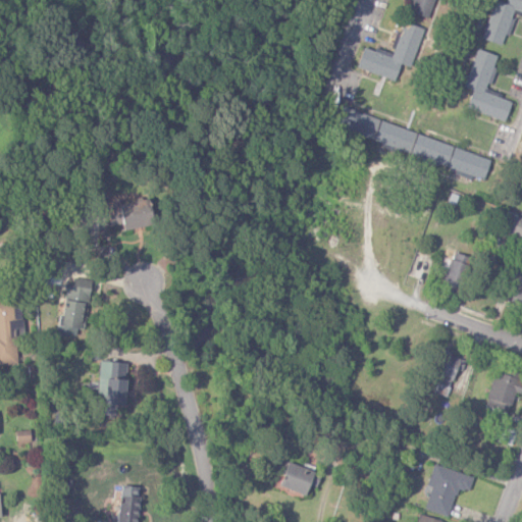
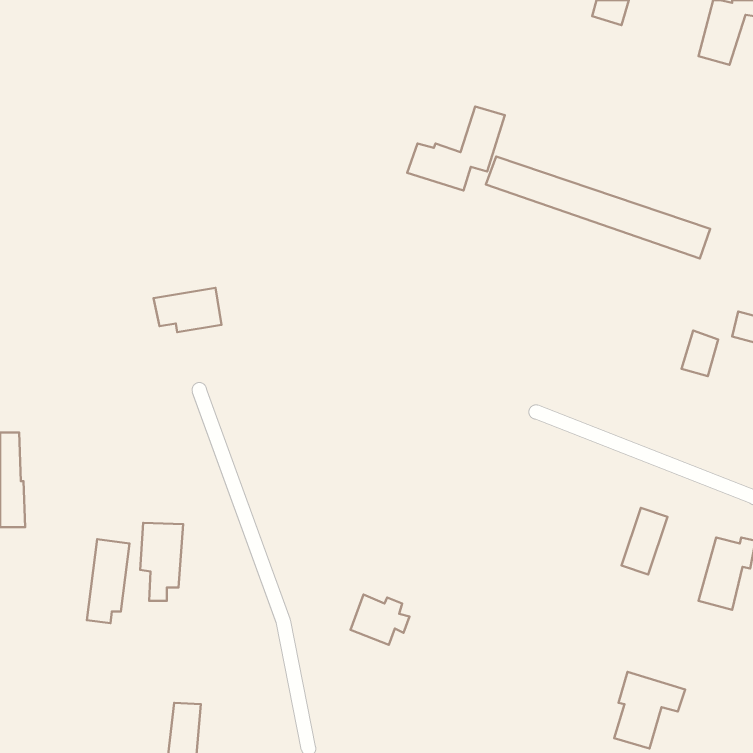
building: [357,22,424,81] -> [407,106,505,191]
building: [465,49,513,121] -> none
building: [443,259,469,291] -> [681,330,718,376]
building: [60,278,90,336] -> [87,539,130,623]
building: [279,462,320,497] -> [350,594,409,645]

